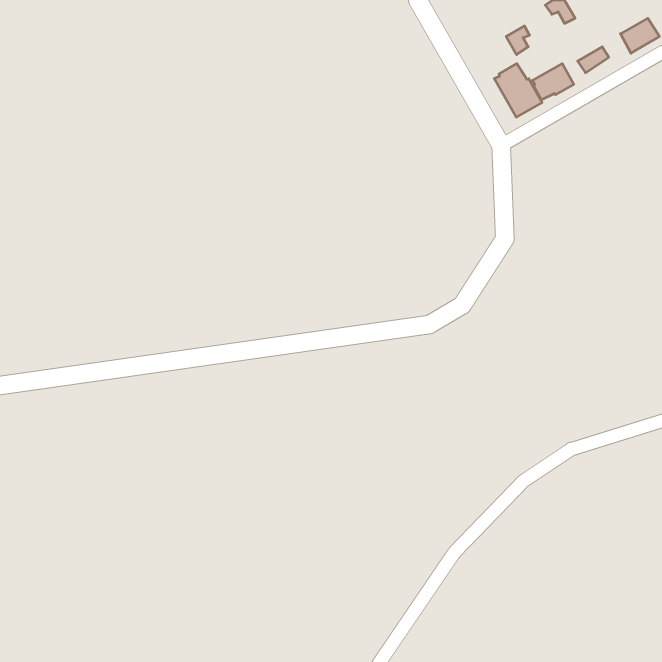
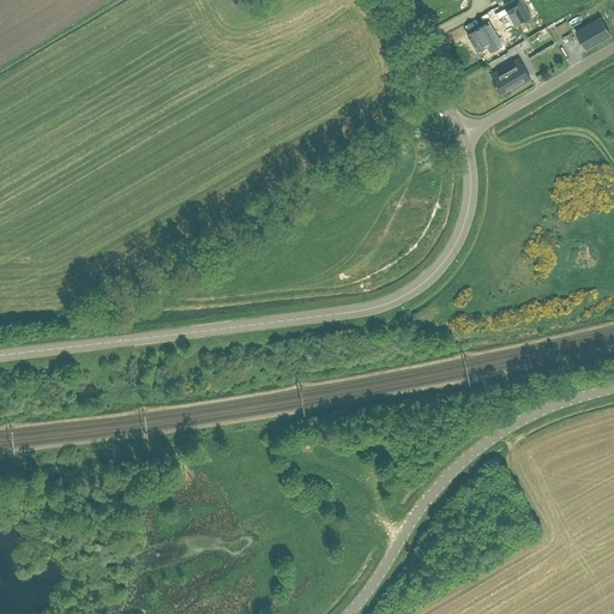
building: [494,64,542,117] -> none

